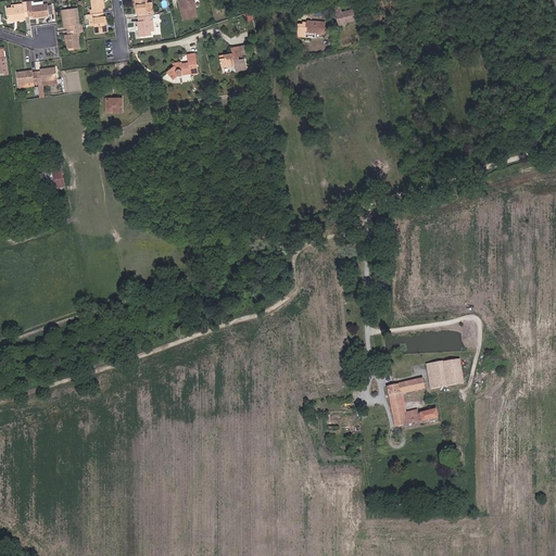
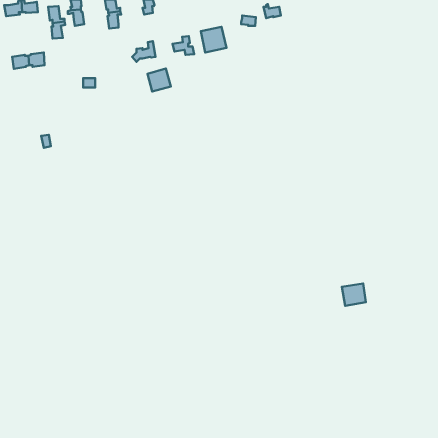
building: none -> [201,27,227,52]
building: none -> [148,68,171,91]
building: [387,378,438,426] -> none

